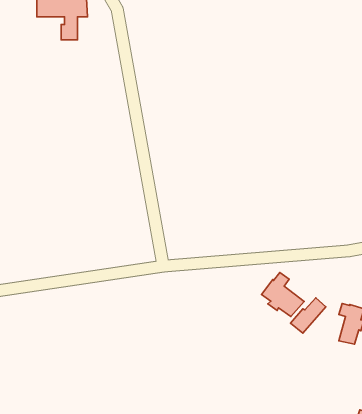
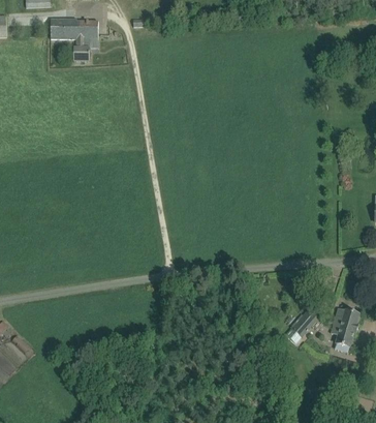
building: [262,273,304,316] -> none

